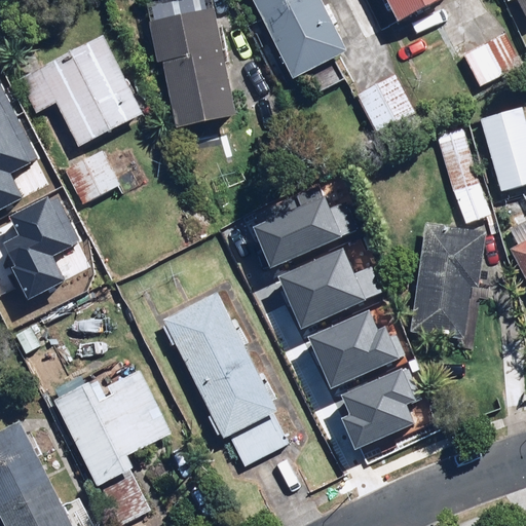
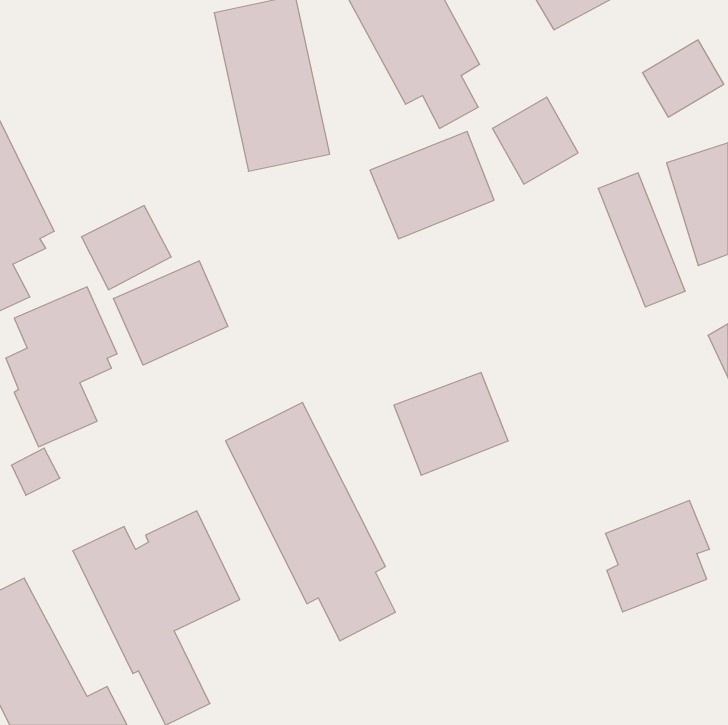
building: [16,34,143,144] -> none
building: none -> [113,261,228,365]
building: [252,205,341,283] -> [370,132,494,239]
building: [412,221,485,336] -> none
building: [309,328,402,407] -> none
building: [343,386,418,466] -> [605,501,710,612]

